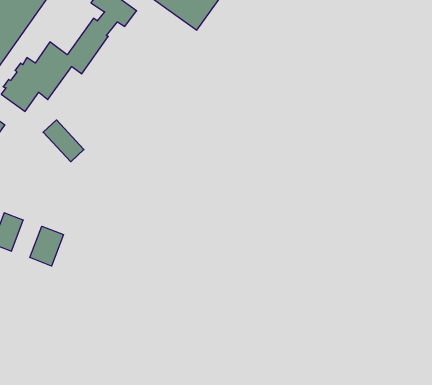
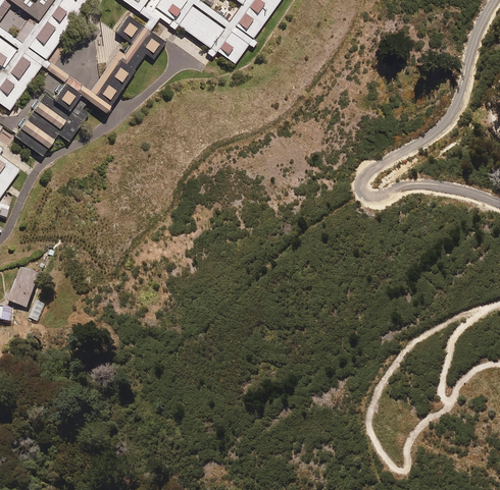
building: [43,120,84,162] -> none
building: [30,226,64,266] -> none

